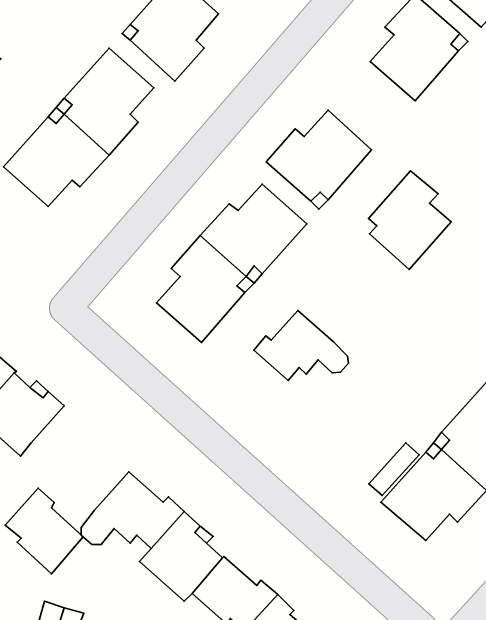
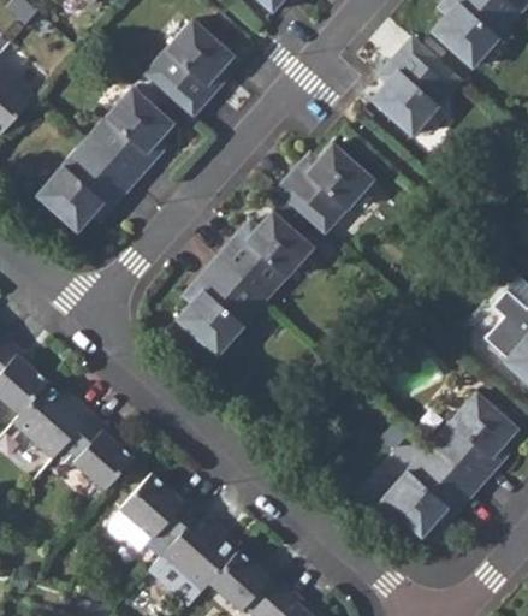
building: [369,171,451,269] -> none
building: [254,311,349,380] -> none
building: [5,488,83,574] -> [61,414,132,492]

